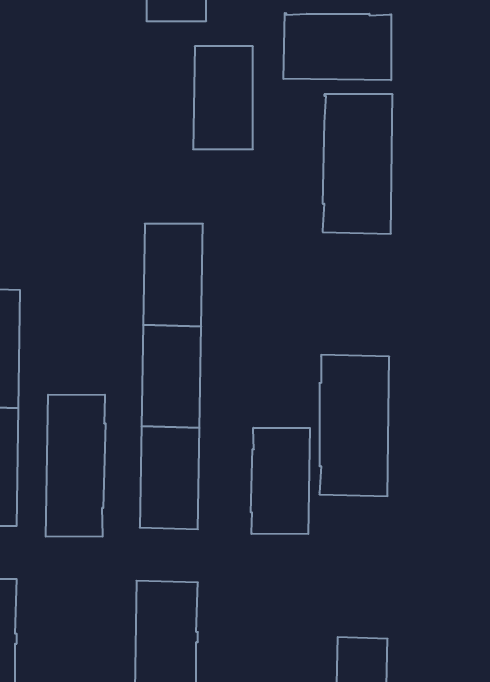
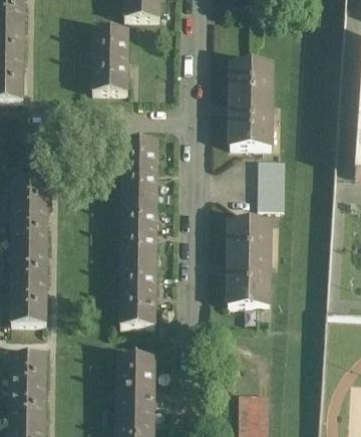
building: [283,13,391,80] -> none
building: [193,46,253,149] -> [91,29,127,91]
building: none -> [257,159,284,207]
building: [46,395,106,537] -> none
building: [251,428,310,534] -> none

